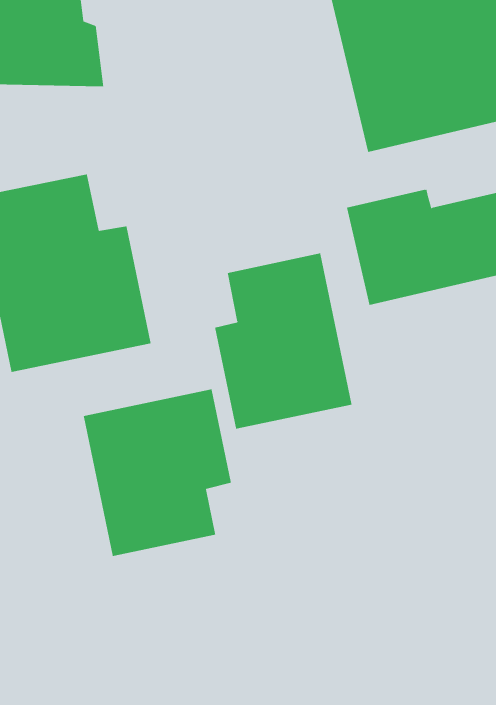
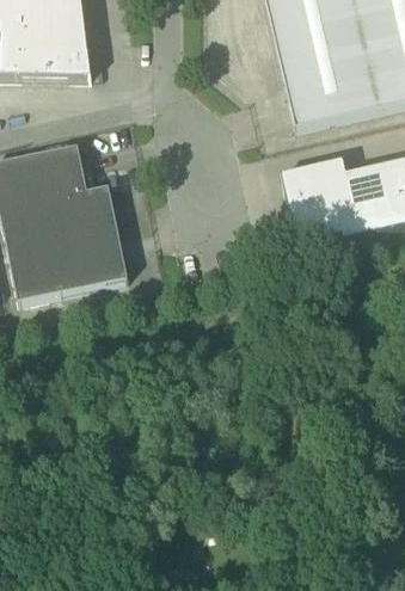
building: [215,253,352,429] -> none
building: [83,389,231,557] -> none

